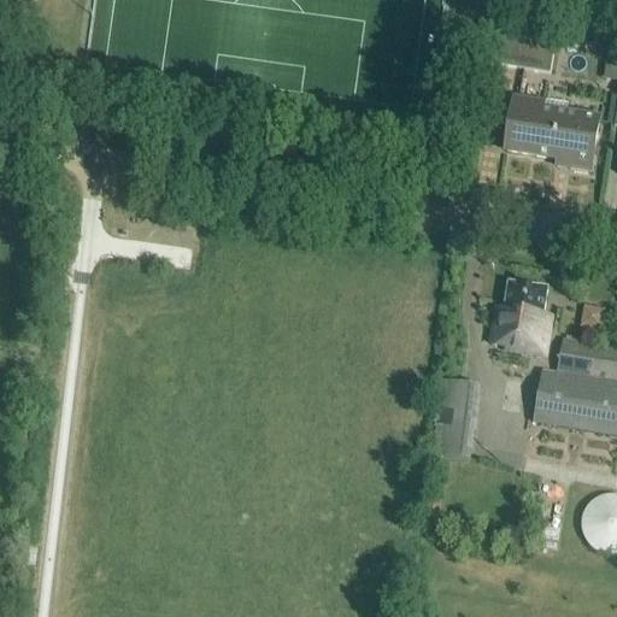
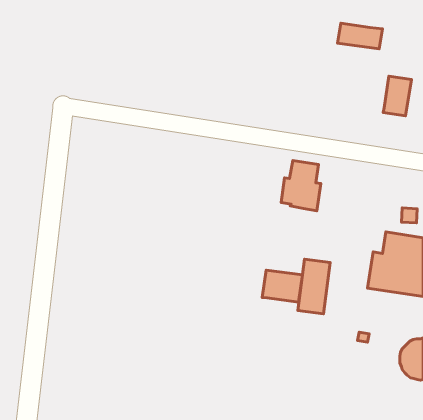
building: [505,95,565,157] -> none
building: [492,281,550,354] -> [281,160,321,211]
building: none -> [262,270,302,302]

